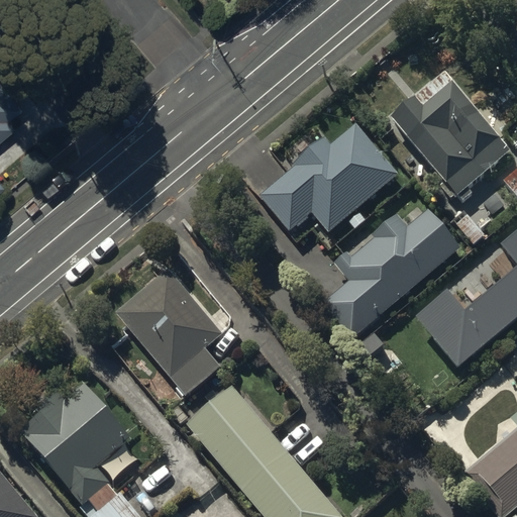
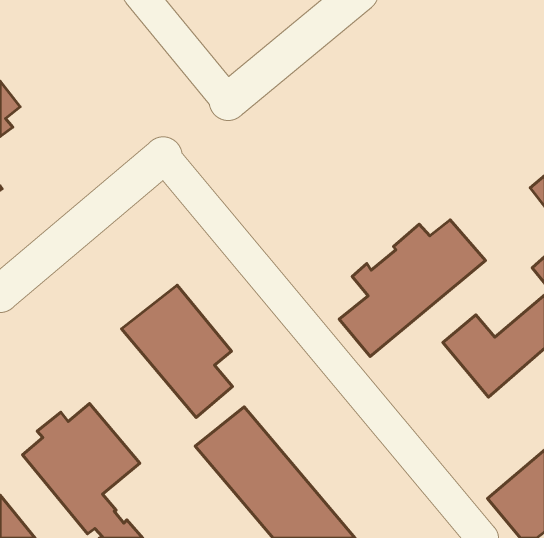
building: [392,82,510,197] -> none
building: [260,122,397,230] -> none

